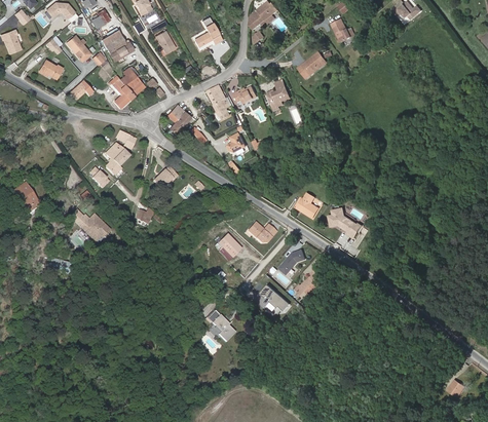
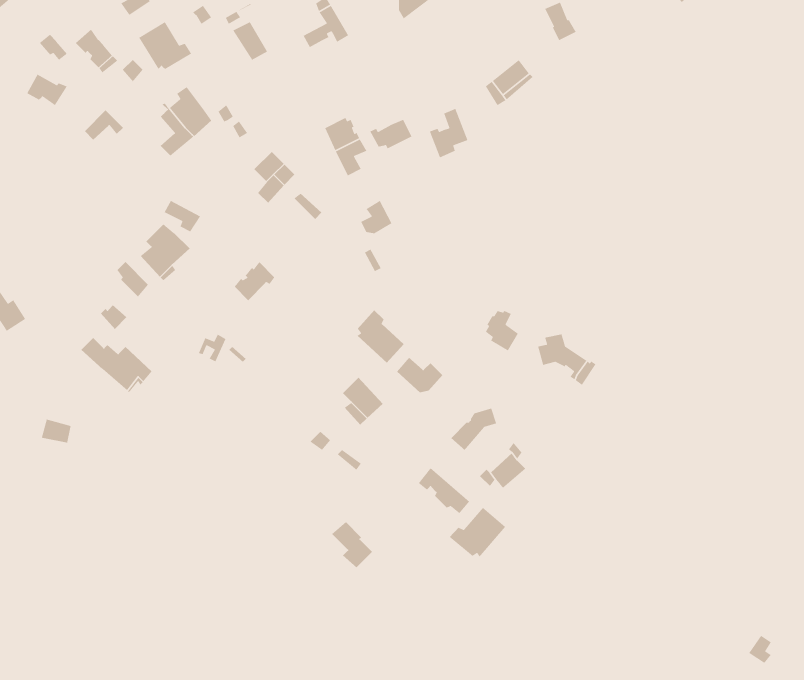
building: none -> [356,310,404,364]
building: none -> [449,507,506,558]

